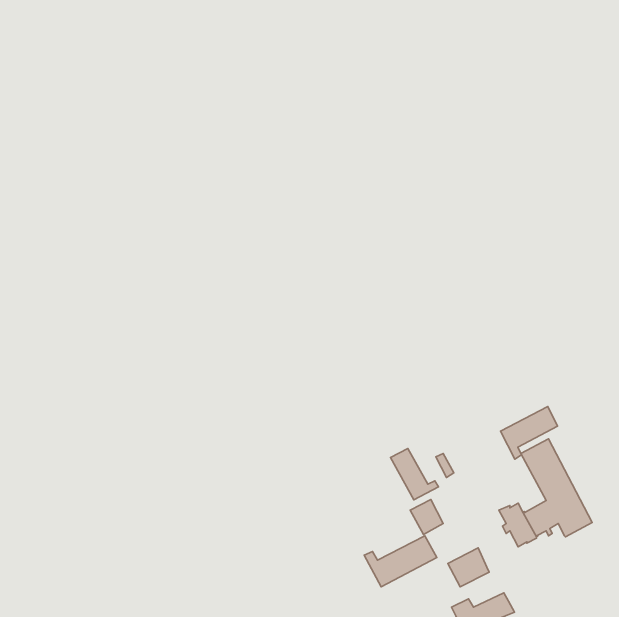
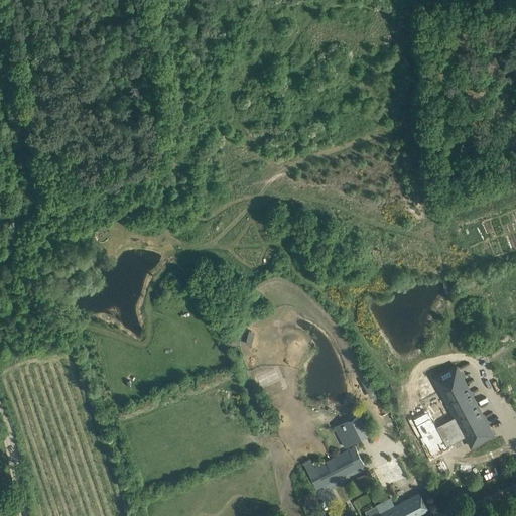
building: [501,406,557,459] -> none
building: [390,449,439,500] -> none

